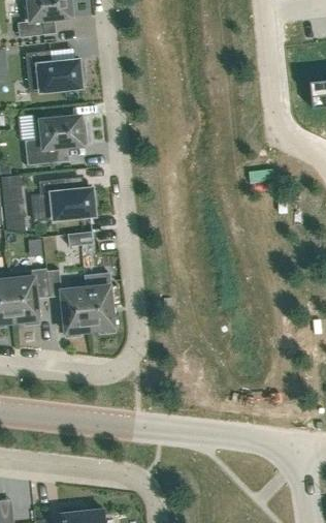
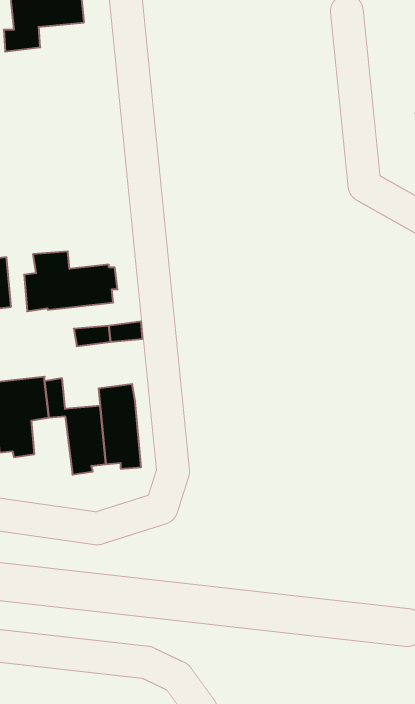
building: [25,51,85,92] -> none
building: [25,116,88,165] -> none

